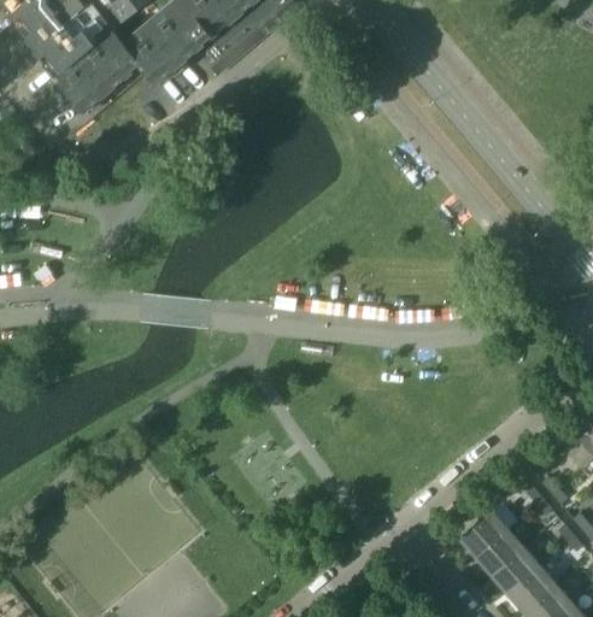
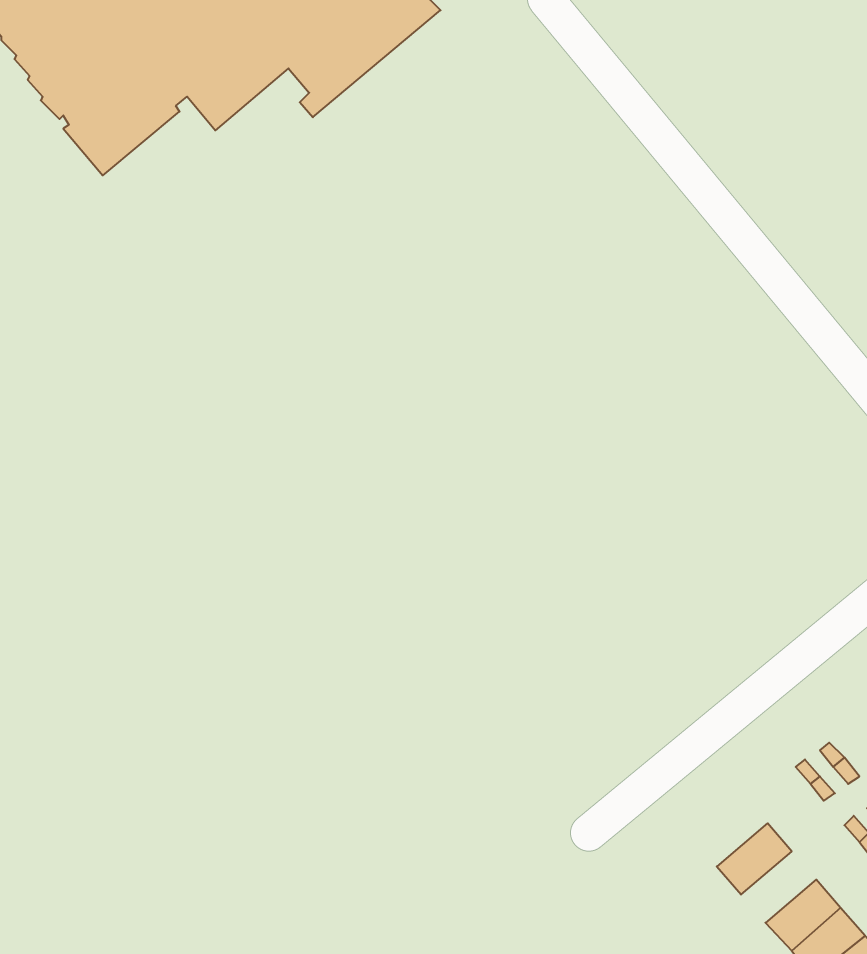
building: [459,510,509,557] -> none
building: [492,547,540,593] -> none

